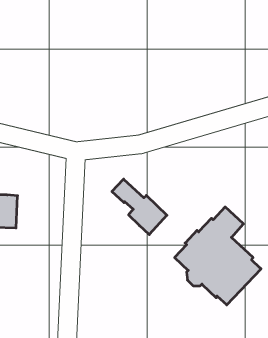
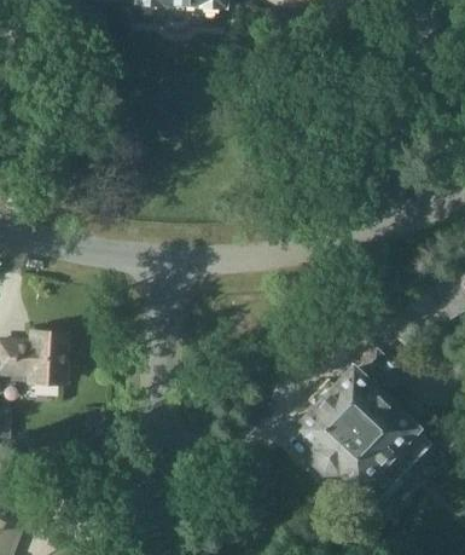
building: [112,179,167,235] -> none

